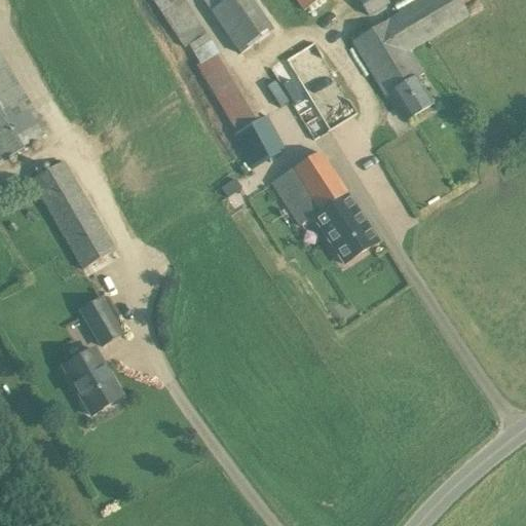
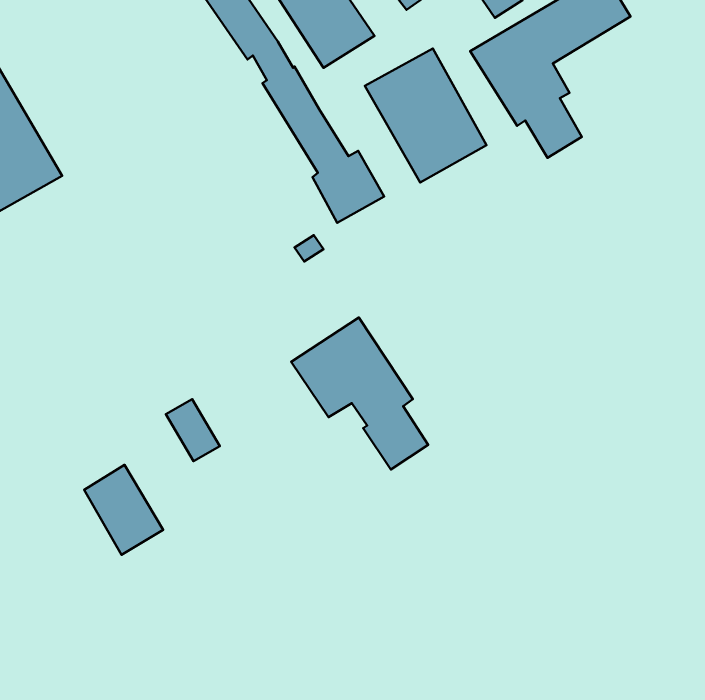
building: [269,148,371,261] -> [291,317,428,470]
building: [30,157,114,265] -> none
building: [80,296,120,342] -> [166,399,220,461]

